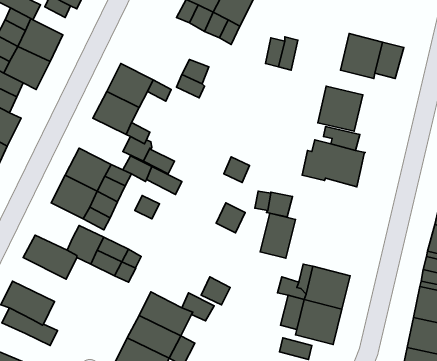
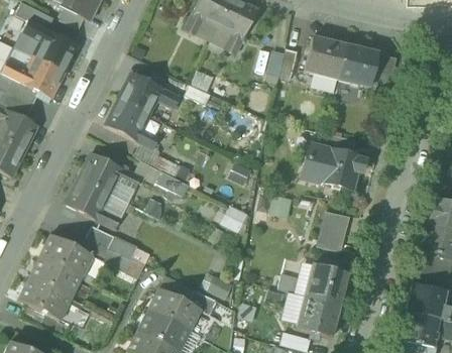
building: [318,86,363,131] -> [305,36,347,79]
building: [260,213,295,258] -> [318,210,351,252]
building: none -> [30,255,81,297]

